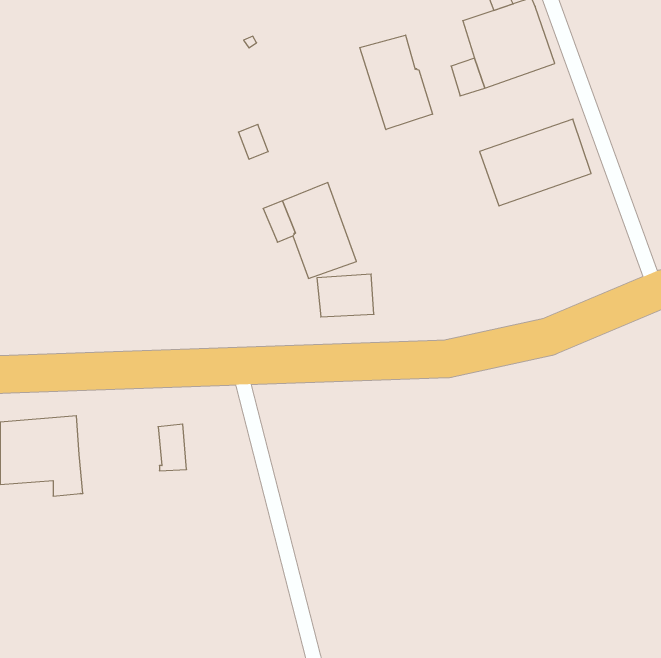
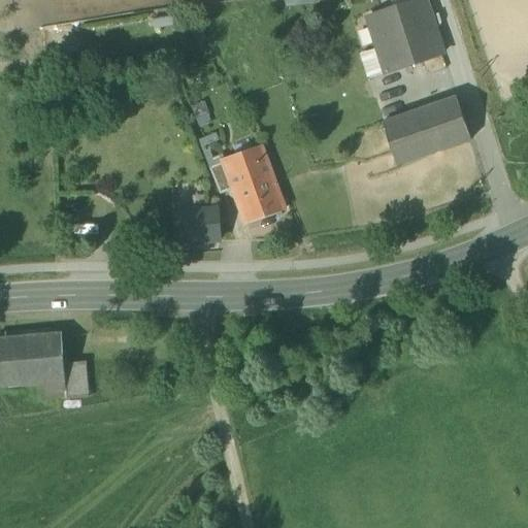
building: [360,35,433,130] -> none
building: [317,274,374,317] -> [174,207,220,241]
building: [158,424,187,471] -> [64,360,87,397]

